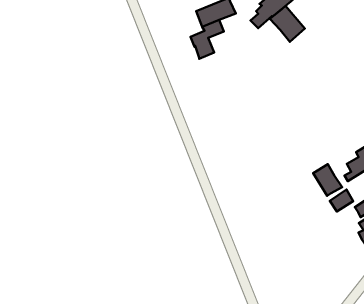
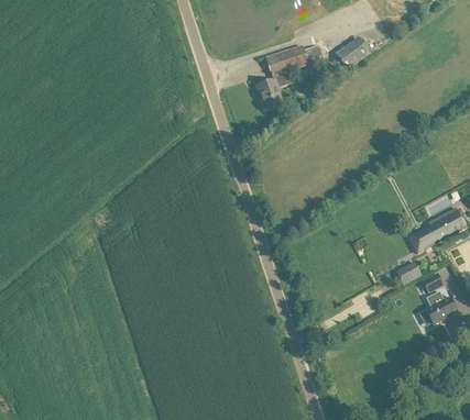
building: [270,6,305,42] -> none
building: [313,164,342,196] -> none

